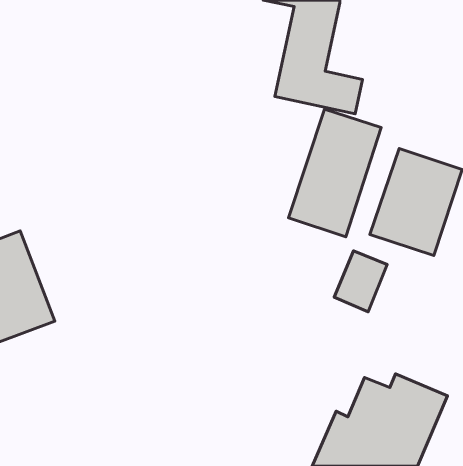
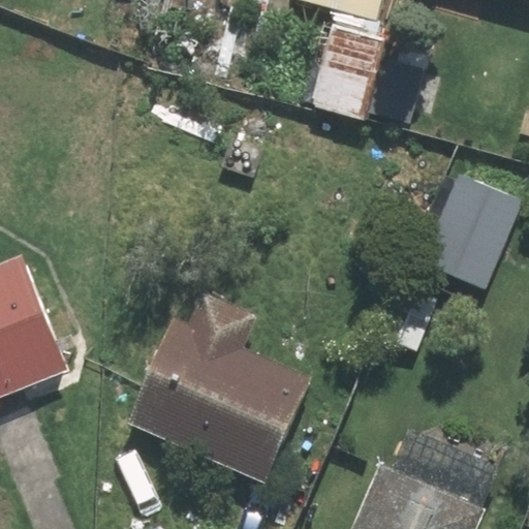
building: [289,109,381,237] -> none
building: none -> [122,308,311,485]

